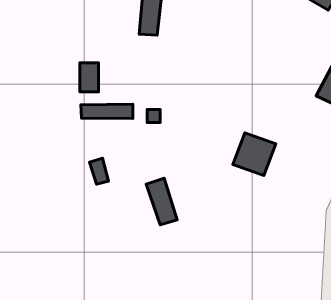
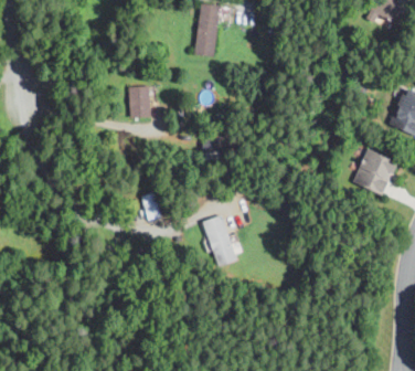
building: [81,104,133,119] -> none
building: [233,133,276,176] -> [354,147,402,194]

